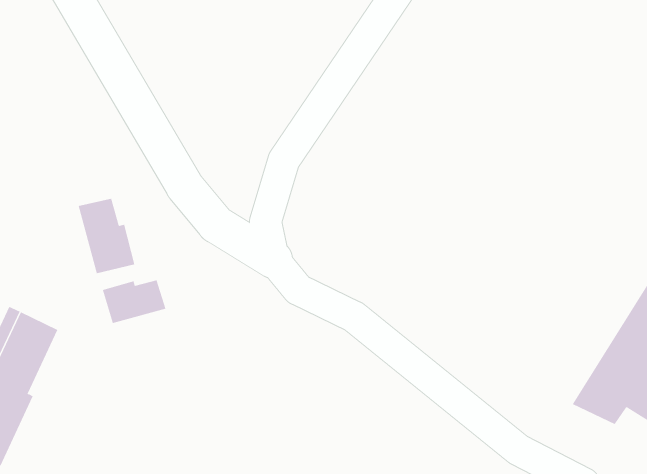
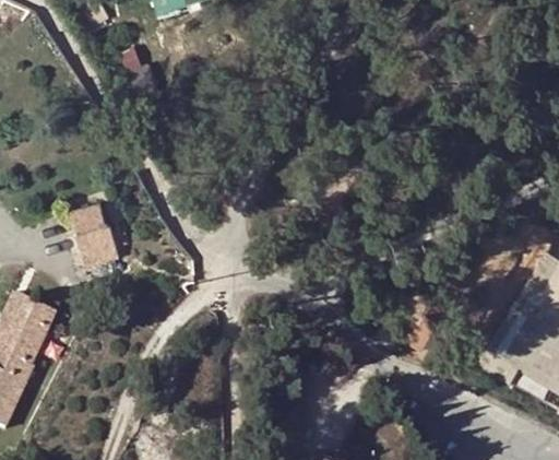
building: [102,280,166,324] -> none

